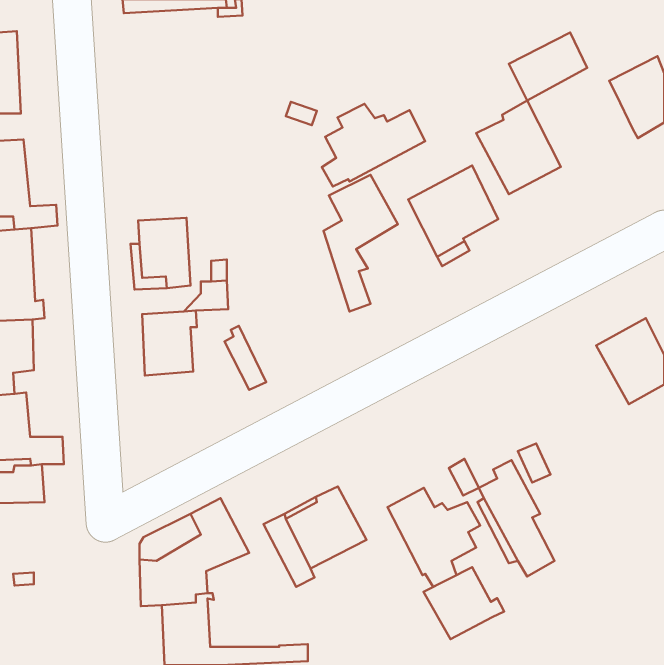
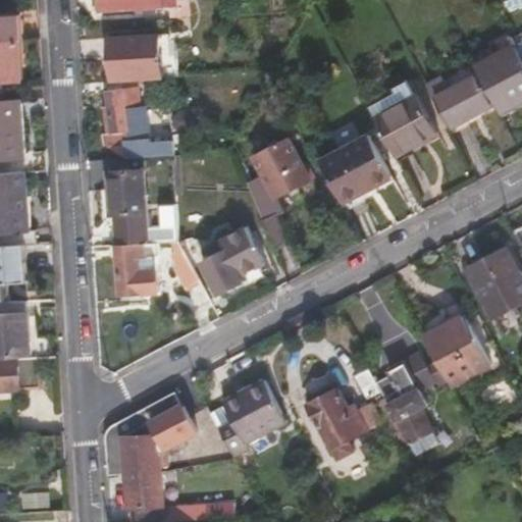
building: [509,33,587,100] -> [433,73,494,126]
building: none -> [109,39,161,84]
building: [322,104,425,187] -> none
building: none -> [101,96,173,159]
building: none -> [202,224,265,295]
building: none -> [421,314,488,385]
building: [424,567,504,639] -> none

